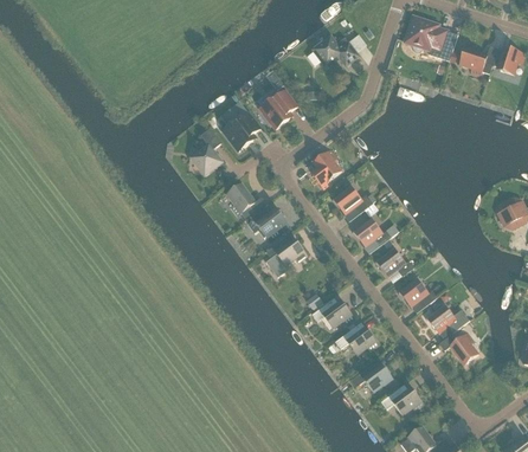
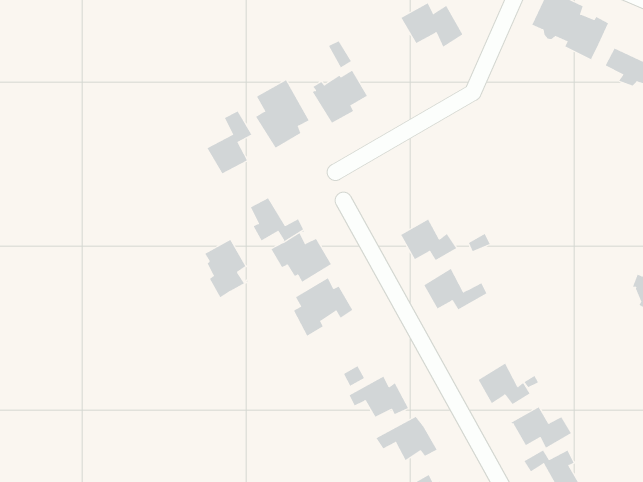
building: [301,148,341,180] -> none
building: none -> [204,239,248,298]
building: [374,248,413,277] -> none

